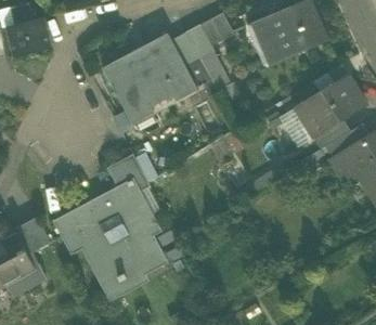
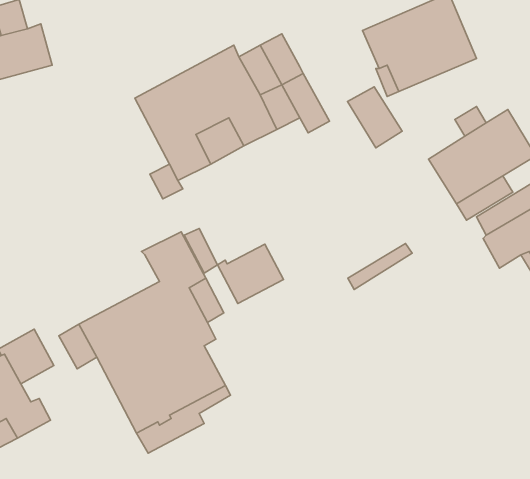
building: [199,11,234,46] -> none
building: [278,106,314,146] -> [348,87,402,148]
building: none -> [217,244,283,304]

